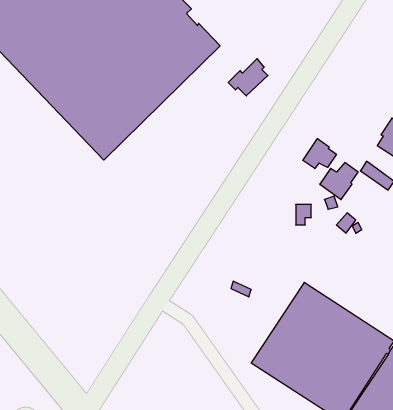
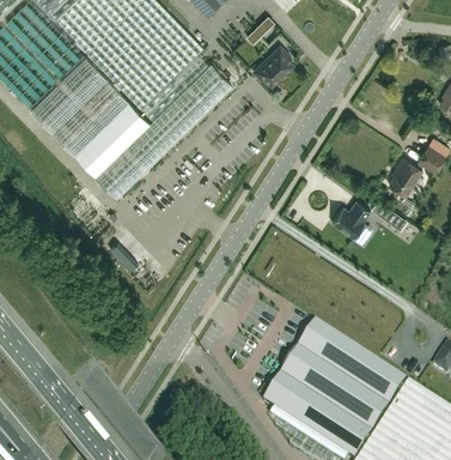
building: [228,59,268,96] -> [254,47,293,84]
building: [303,139,336,169] -> none

